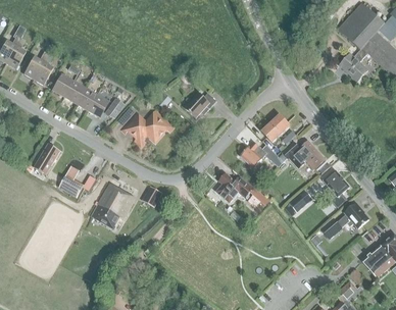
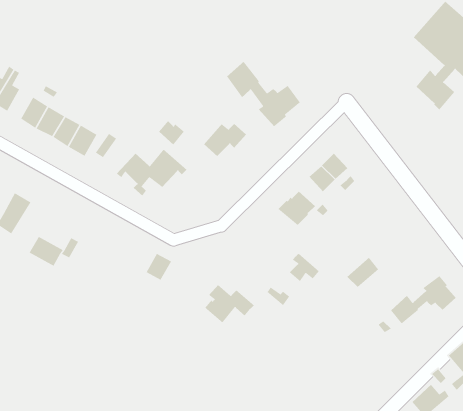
building: none -> [226,61,301,127]
building: [277,140,326,168] -> none
building: [324,169,349,196] -> none
building: [215,172,252,201] -> [204,284,255,323]
building: [91,182,134,228] -> none

